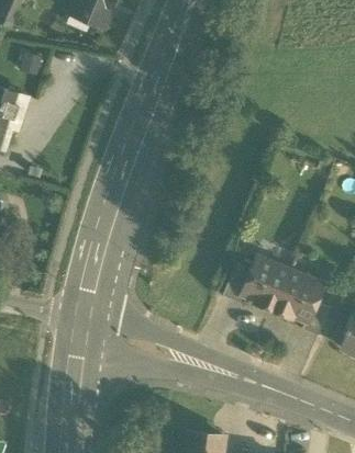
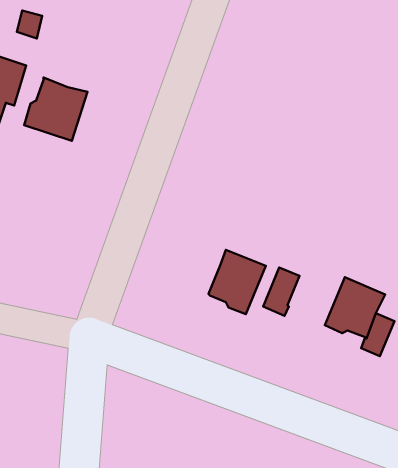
building: none -> [24,78,87,141]
building: [243,257,290,309] -> [208,250,266,314]

